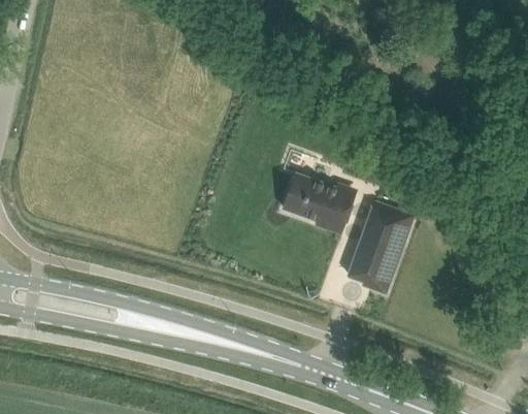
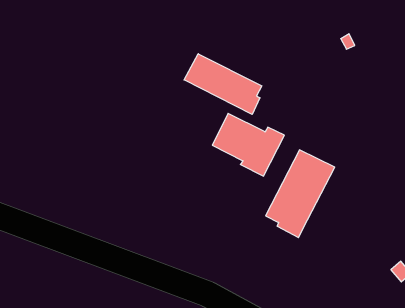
building: none -> [184,54,262,114]

